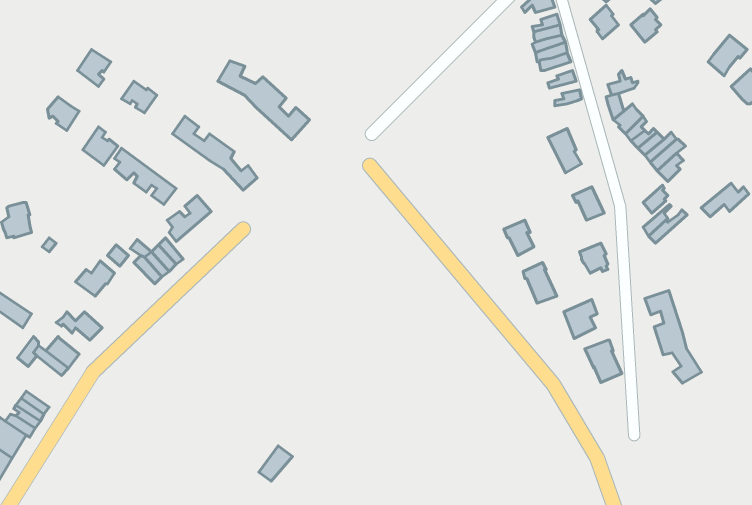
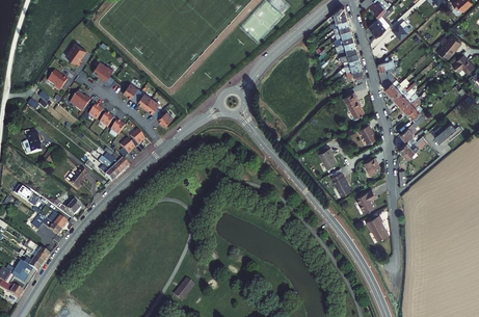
building: [218,61,310,140] -> none
building: [645,290,702,383] -> none

